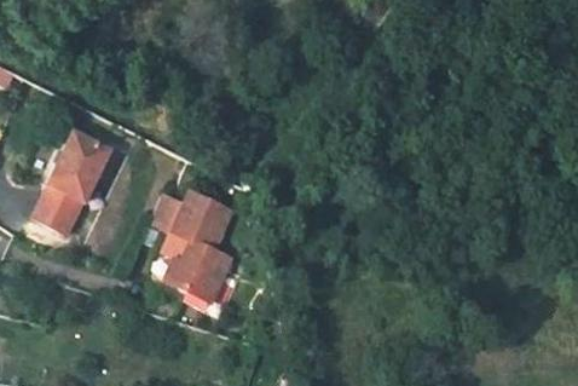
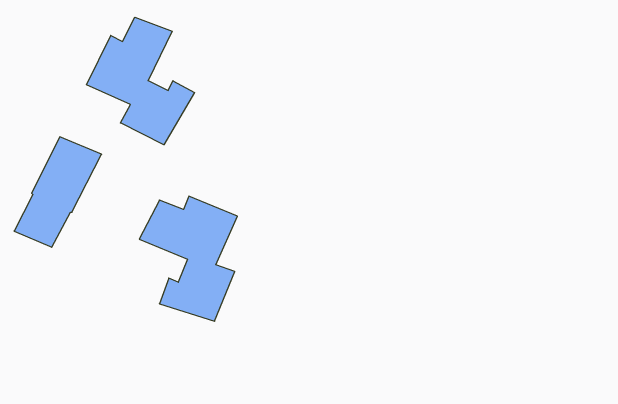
building: none -> [87,17,195,145]

